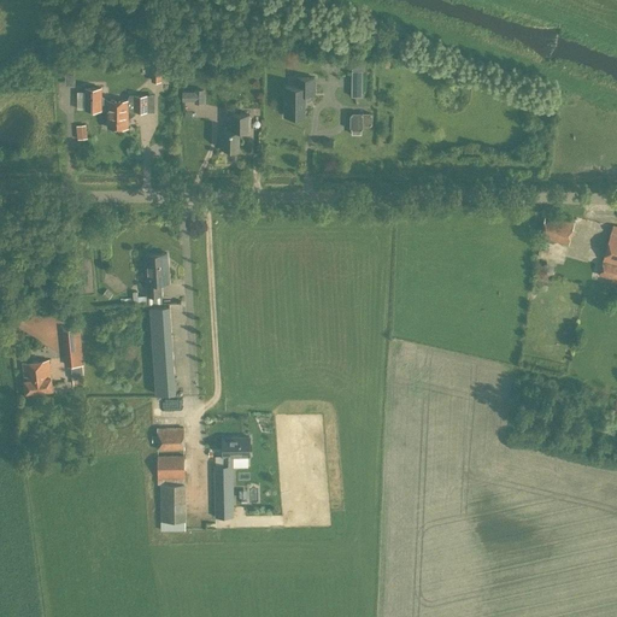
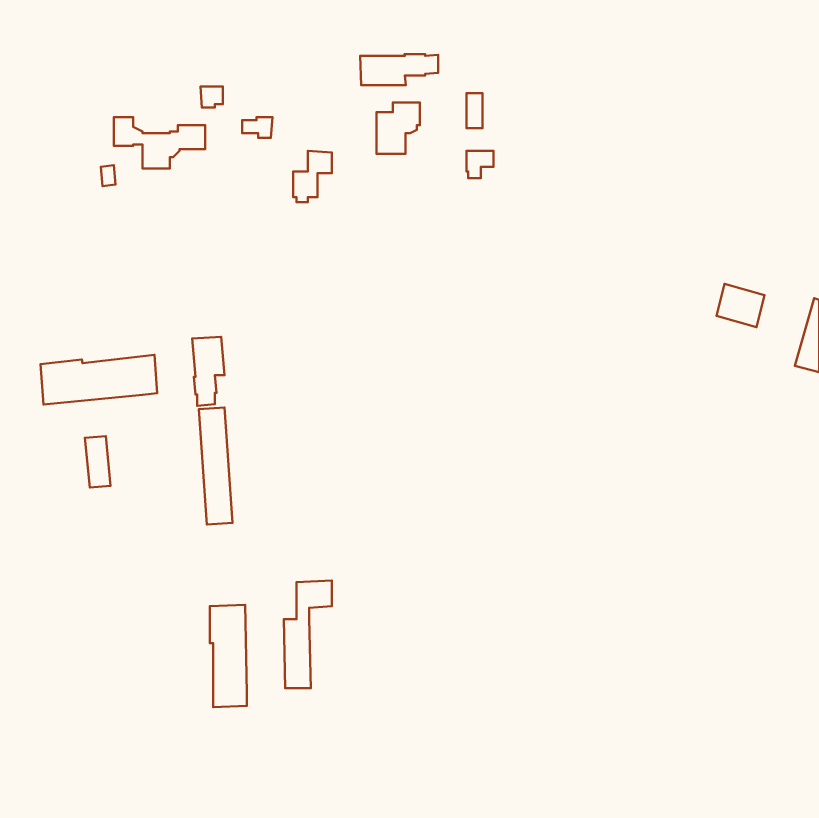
building: none -> [360,54,438,85]
building: none -> [41,355,157,404]
building: [23,360,52,393] -> none
building: [152,429,184,451] -> none

